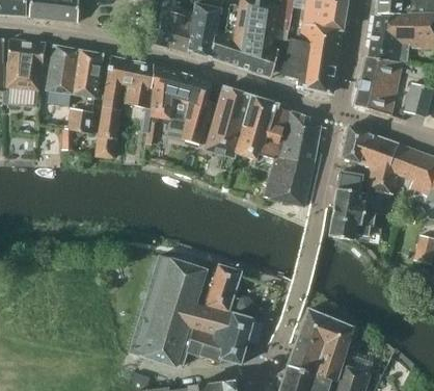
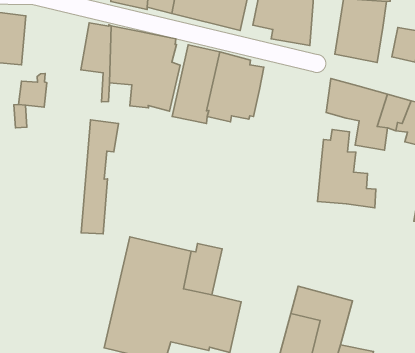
building: [73,50,103,97] -> none
building: [96,55,136,158] -> [81,120,119,234]
building: [264,111,321,206] -> none

